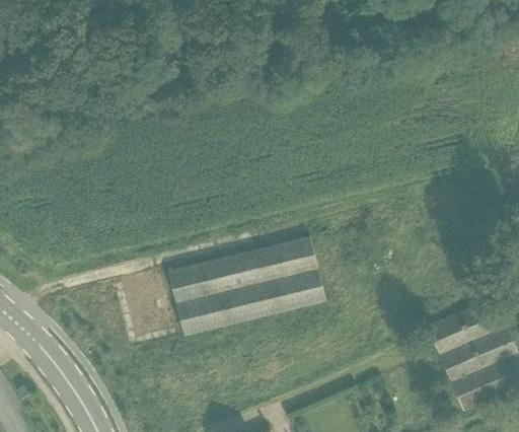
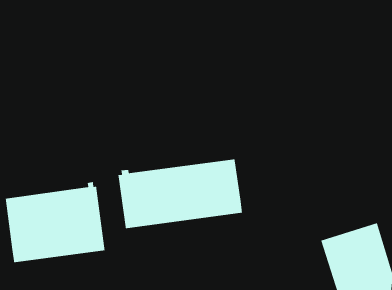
building: none -> [5,181,106,263]

